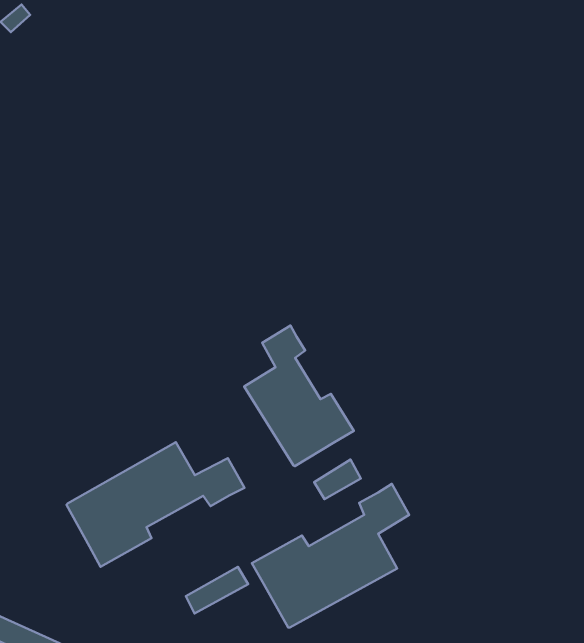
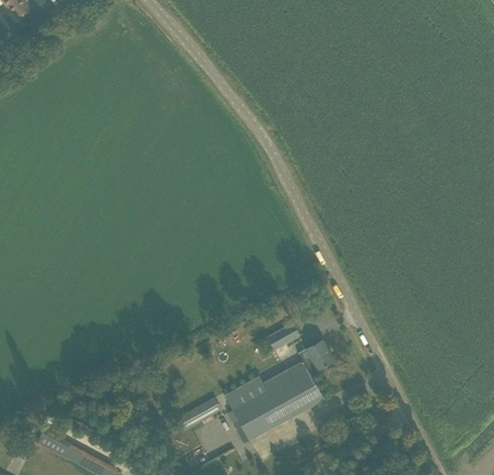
building: [244,325,354,466] -> none
building: [67,442,245,567] -> none

